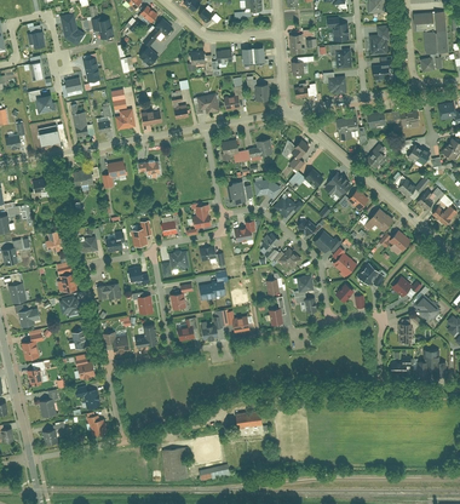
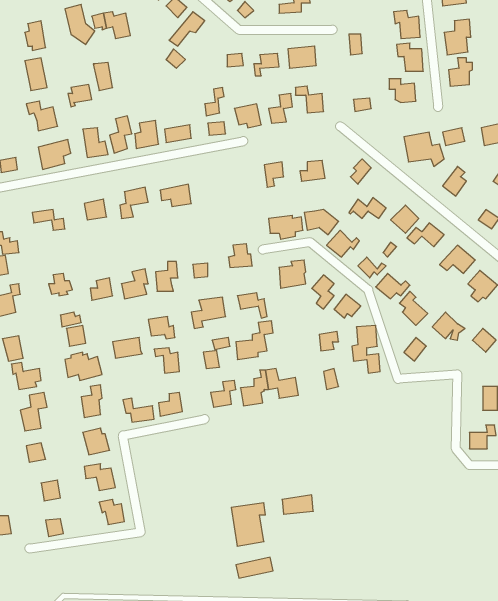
building: [161,445,189,480] -> [231,503,265,546]

